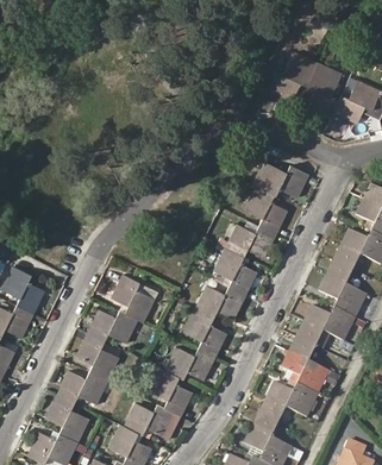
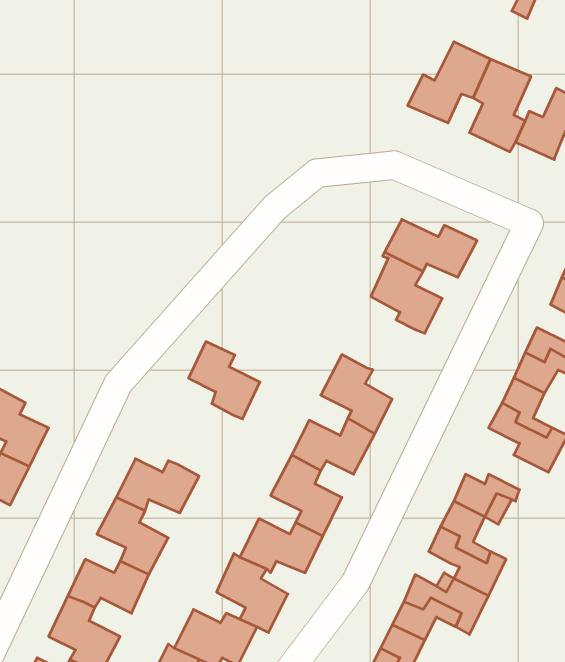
building: [227,224,278,258] -> none
building: [112,275,156,322] -> [189,342,260,419]
building: [303,306,355,340] -> none

